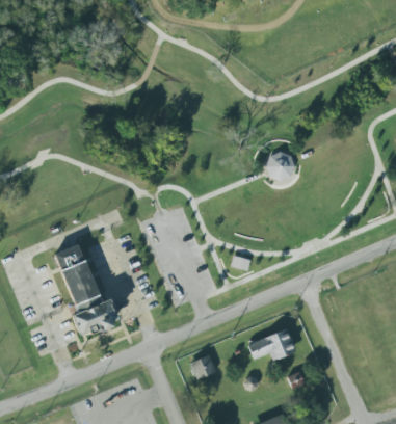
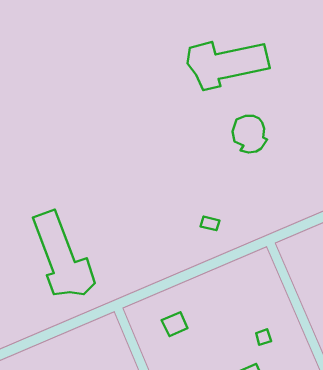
building: none -> [188,42,270,90]
building: [246,327,296,360] -> none

